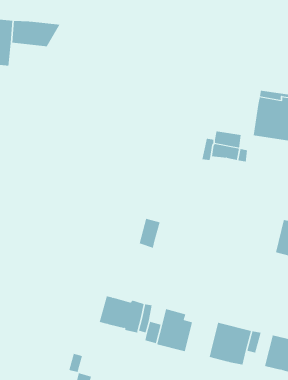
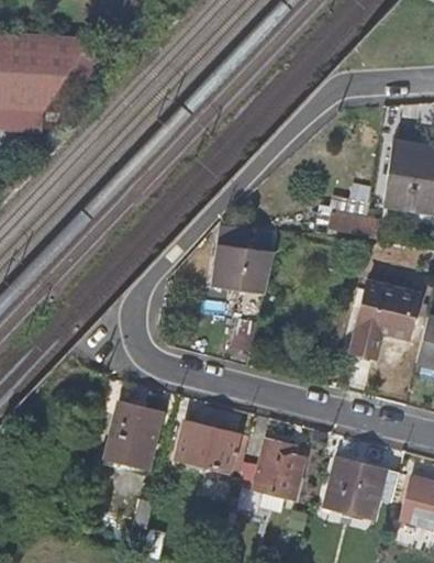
building: none -> [211,225,275,292]
building: none -> [352,282,416,355]
building: none -> [103,401,159,467]

